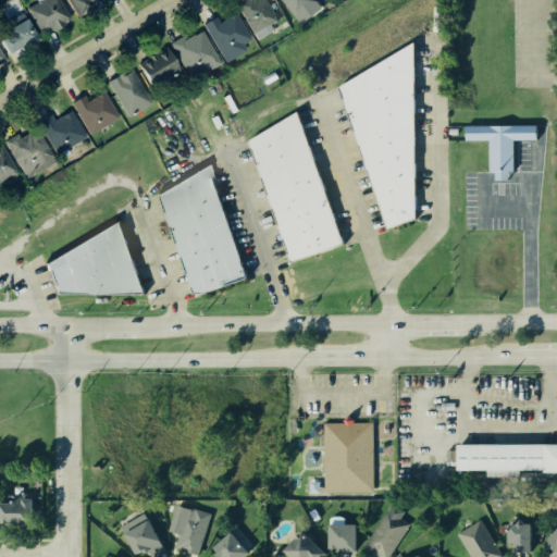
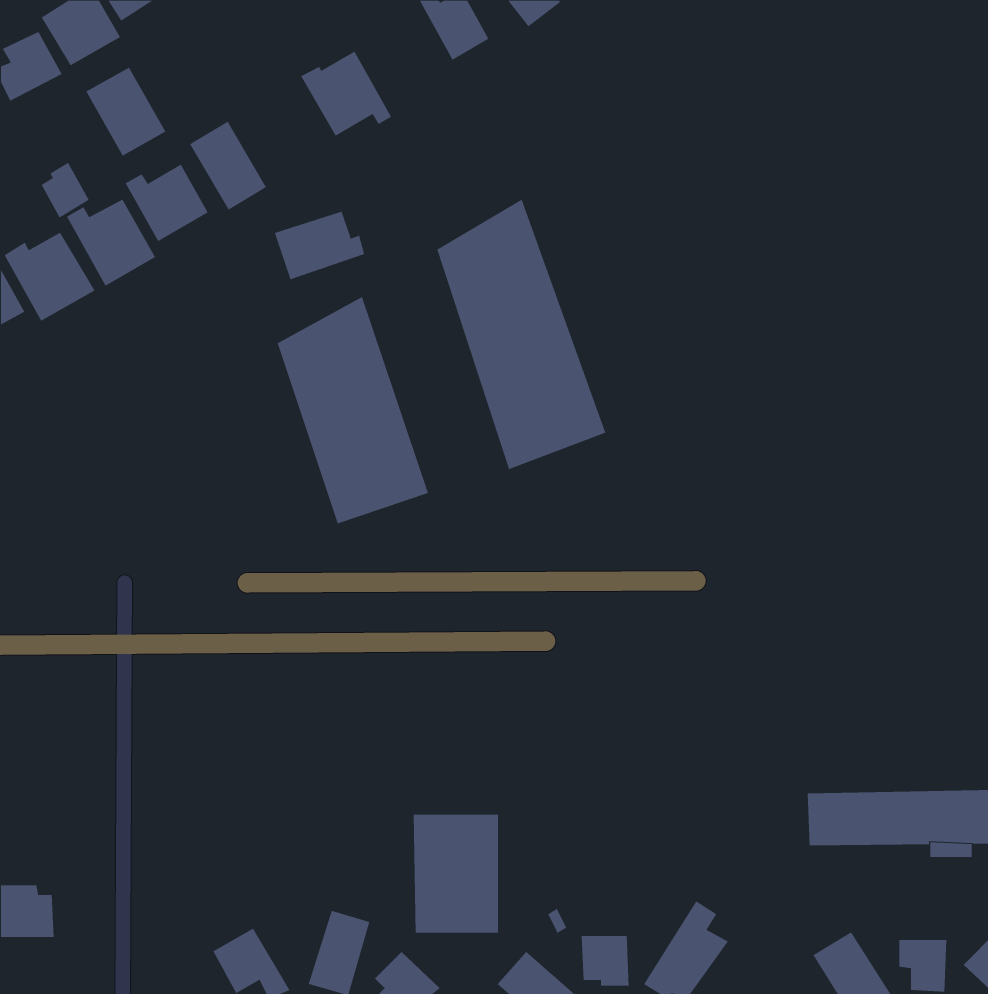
building: [207,14,252,63] -> none
building: none -> [85,67,166,156]
building: [338,42,414,228] -> none
building: [137,49,177,87] -> none
building: none -> [41,162,90,218]
building: none -> [274,211,365,280]
building: [465,125,542,182] -> none
building: [46,221,144,293] -> none
building: [325,424,373,491] -> [413,814,499,933]

